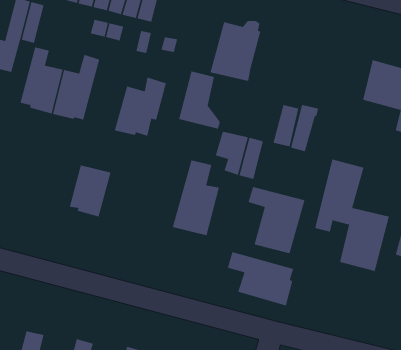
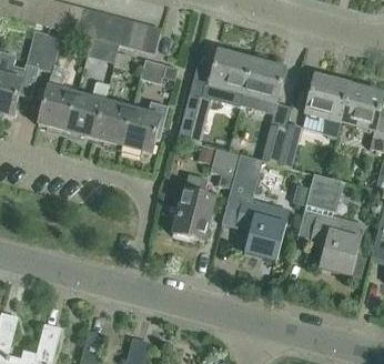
building: none -> [241,53,284,109]
building: none -> [304,75,348,134]
building: [69,165,112,217] -> [94,101,132,148]
building: [227,251,294,307] -> none

